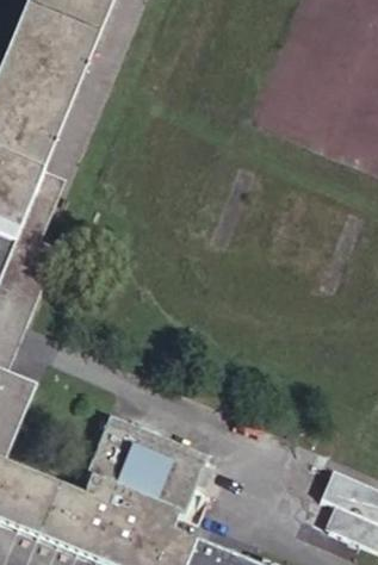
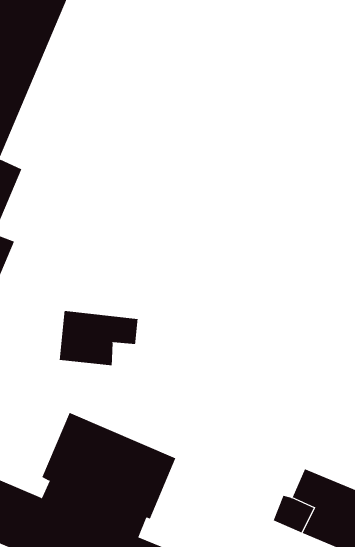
building: none -> [59,310,138,366]

